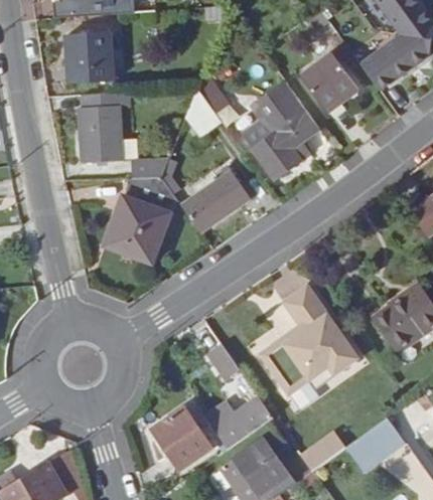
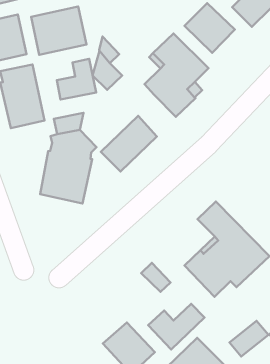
building: none -> [31,7,86,55]
building: none -> [57,59,96,100]

